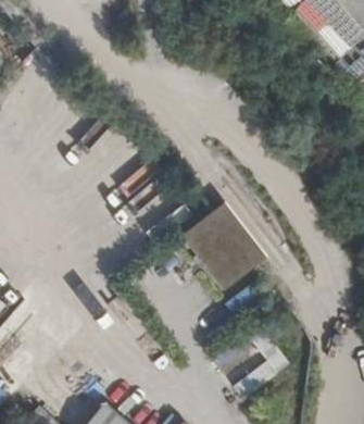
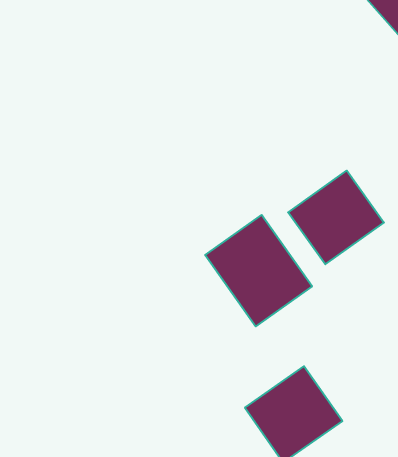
building: none -> [288,171,384,264]

